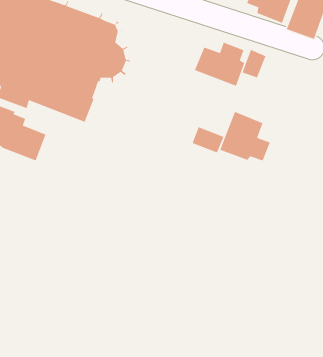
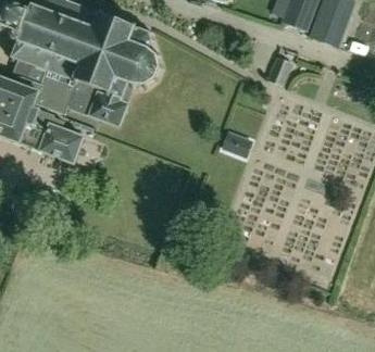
building: [194,42,245,87] -> none
building: [219,111,271,162] -> none

